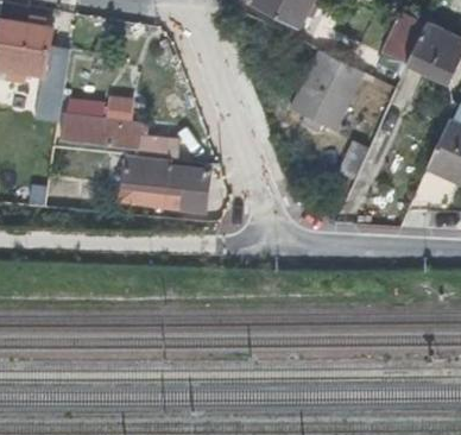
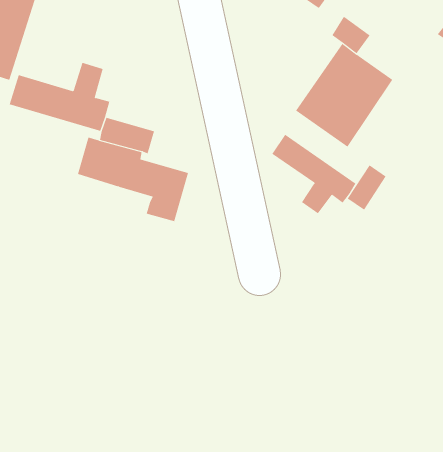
building: none -> [272,134,356,214]

